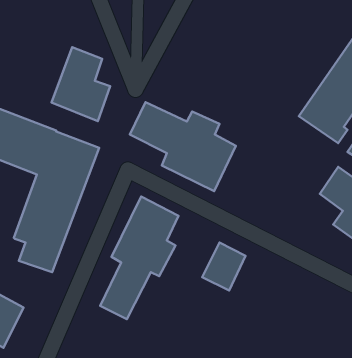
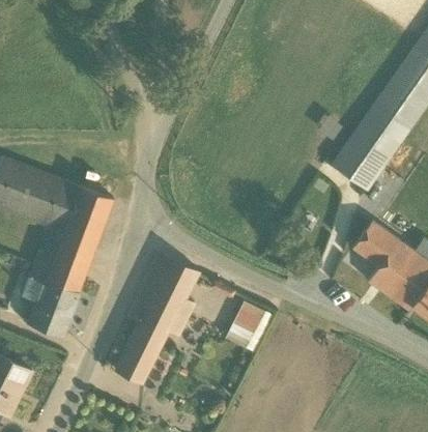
building: [51,47,110,121] -> none
building: [130,102,236,191] -> none

